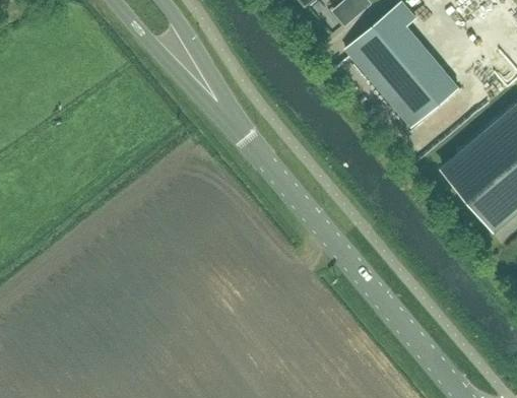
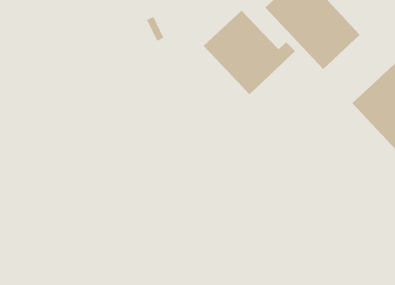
building: none -> [203,10,296,95]

